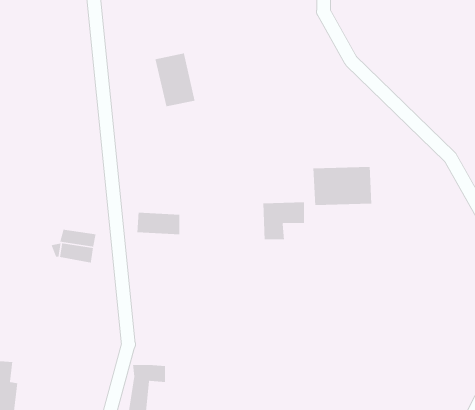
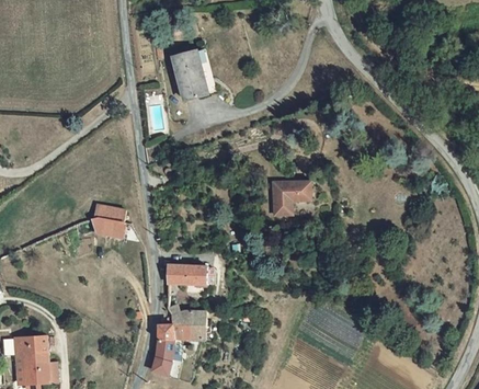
building: [313,166,372,206] -> none
building: [137,212,180,235] -> [167,265,205,286]
building: none -> [167,310,204,341]

